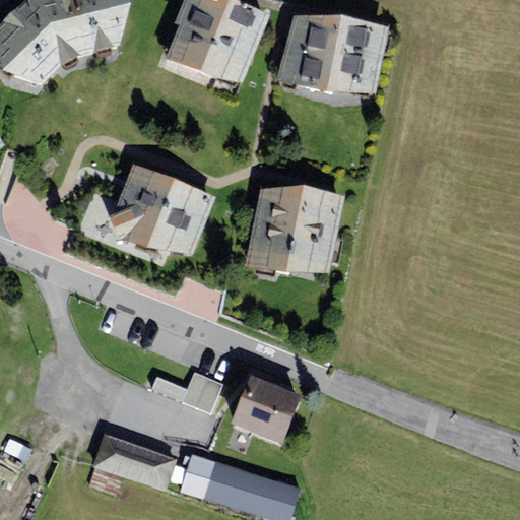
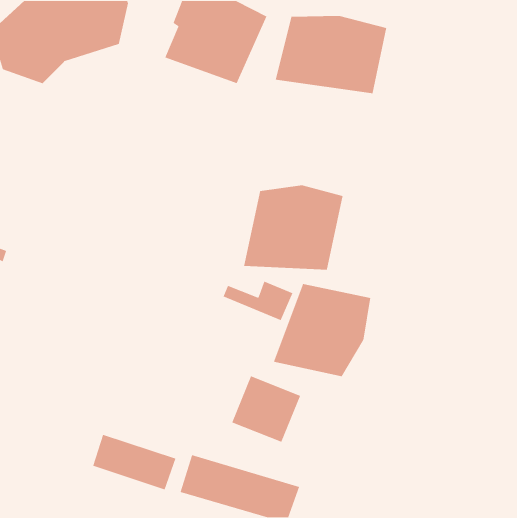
building: [108,164,215,255] -> none
building: none -> [273,283,371,377]
building: [151,374,222,414] -> [222,281,293,321]

